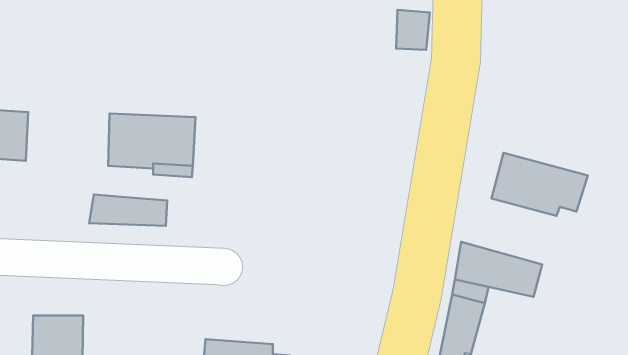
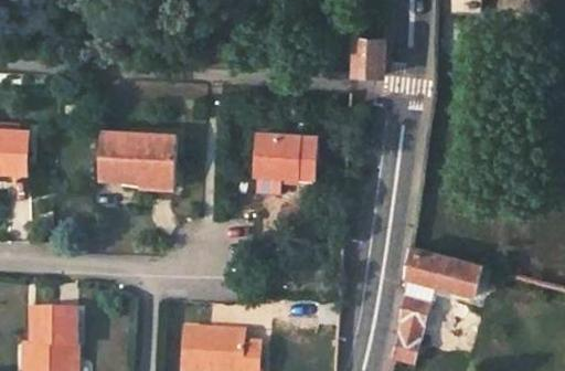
building: none -> [254,132,316,183]
building: [491,153,588,216] -> none
building: [89,194,167,226] -> none

